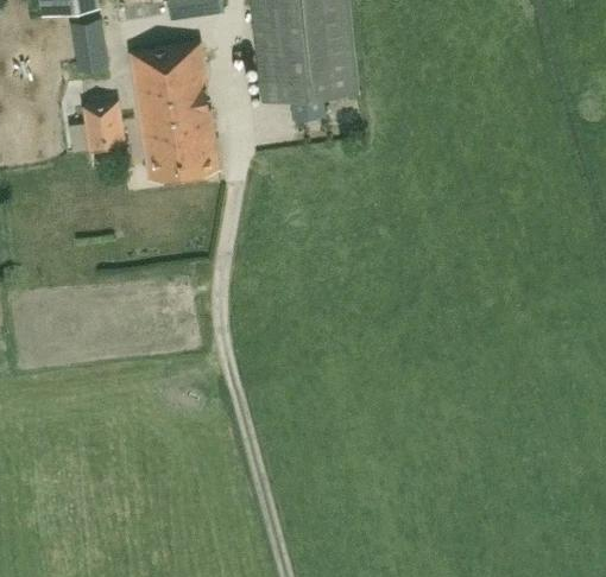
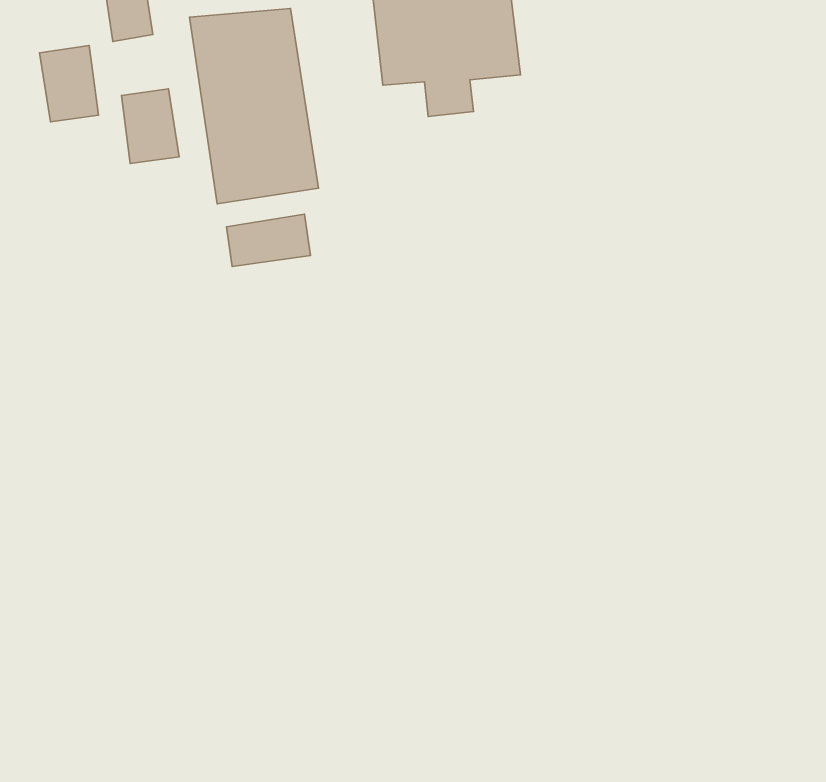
building: none -> [39,46,98,122]
building: none -> [227,214,311,267]

